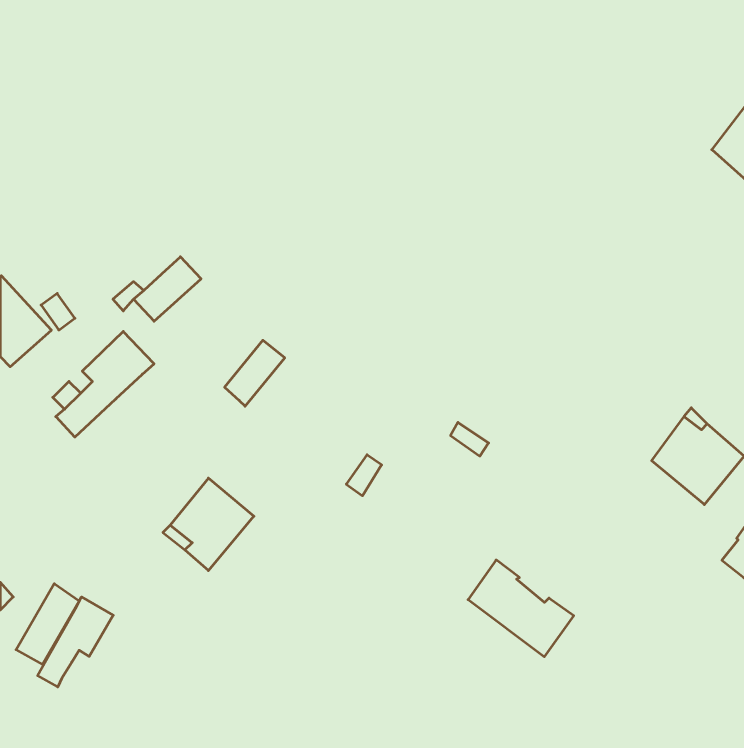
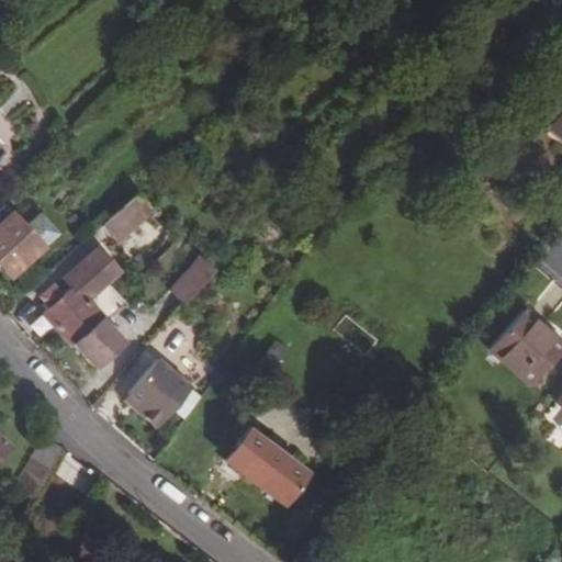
building: none -> [60,281,131,370]
building: [468,560,574,657] -> [228,430,307,503]
building: [38,597,113,687] -> none

